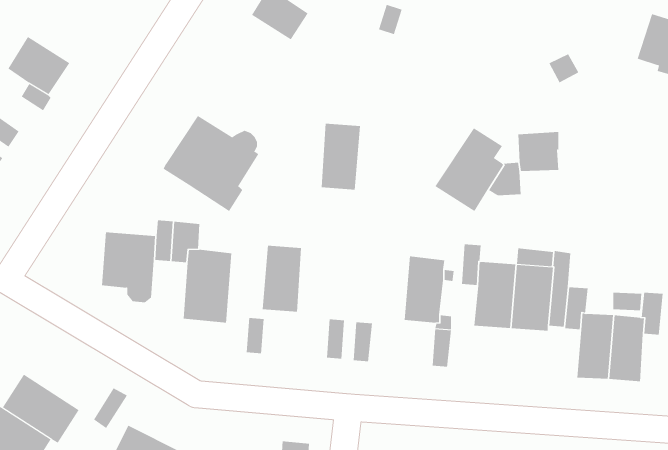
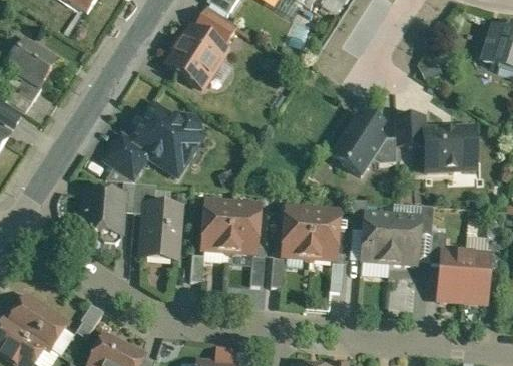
building: none -> [165,25,226,86]
building: [321,123,361,190] -> [228,202,259,252]
building: none -> [423,126,474,169]
building: none -> [104,133,146,176]
building: none -> [282,206,312,256]

